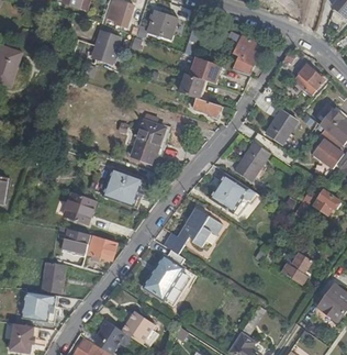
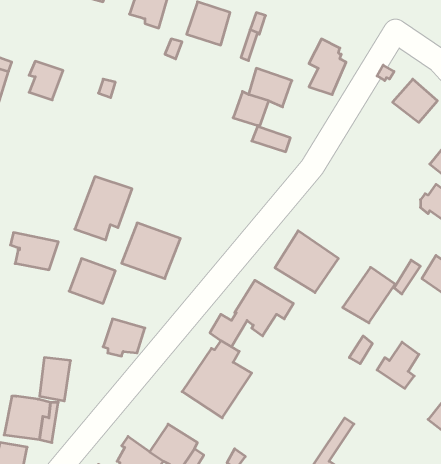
building: [94,36,119,64] -> [29,61,63,100]
building: [265,109,298,144] -> none
building: [130,119,170,164] -> [75,177,132,240]
building: [233,141,270,180] -> [343,267,395,323]
building: [57,226,91,253] -> [10,233,58,270]

